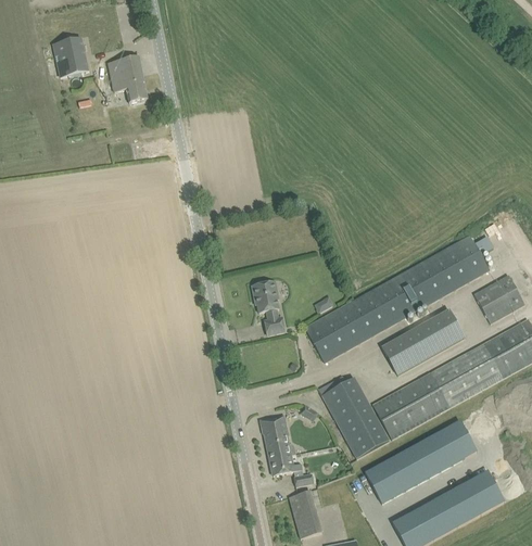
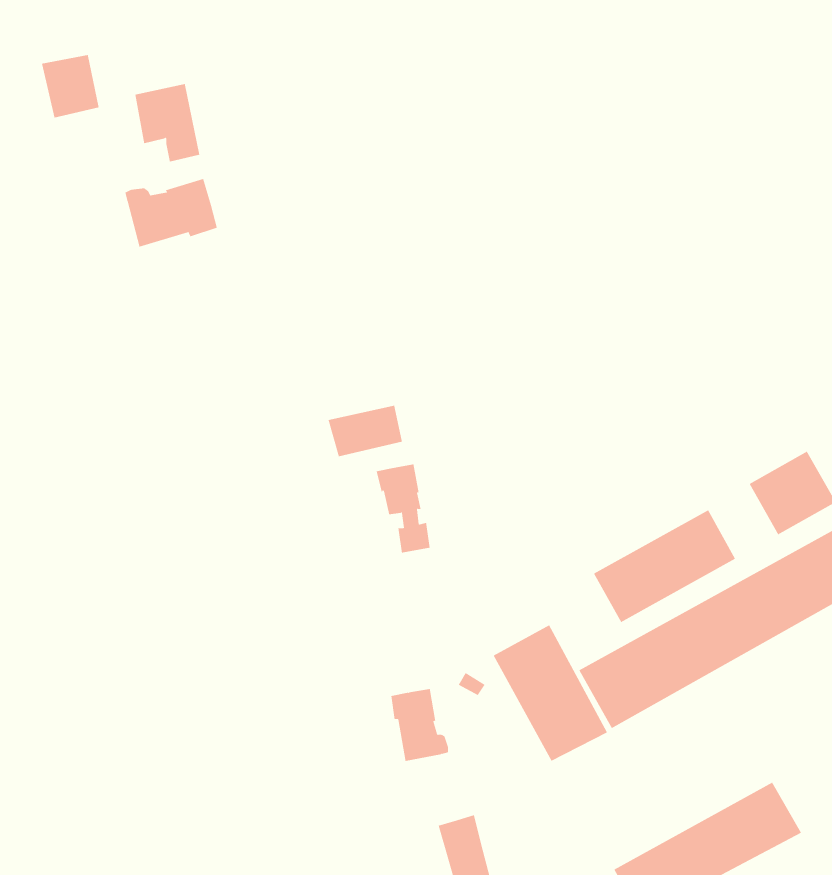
building: none -> [125,178,218,248]
building: [305,234,489,361] -> none
building: none -> [328,405,402,457]
building: [365,420,478,503] -> none
building: [269,454,314,485] -> none

